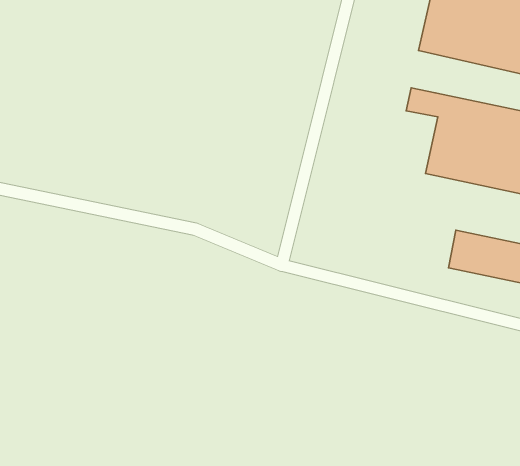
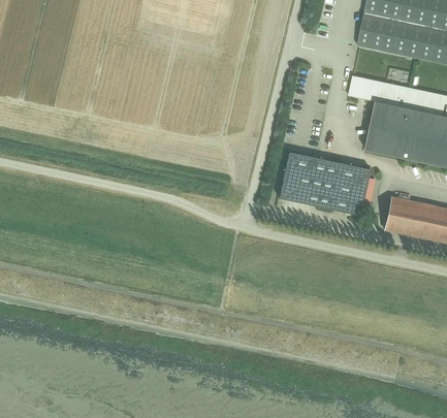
building: none -> [279,153,371,216]

